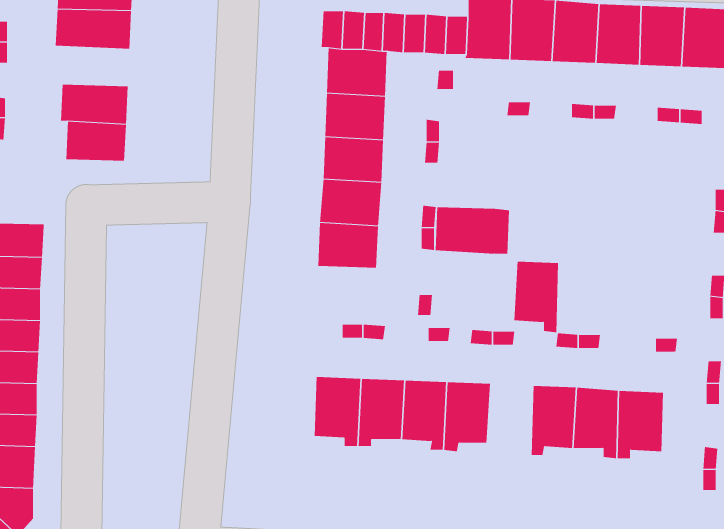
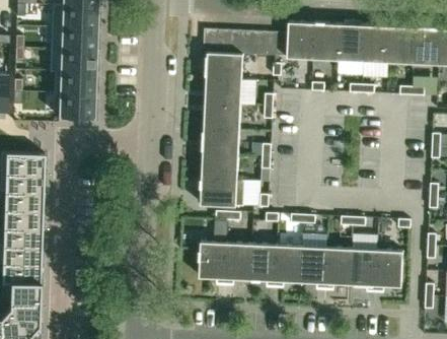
building: none -> [50,51,94,74]
building: [435,207,510,254] -> [202,179,245,206]
building: [513,261,559,333] -> [301,247,327,288]

